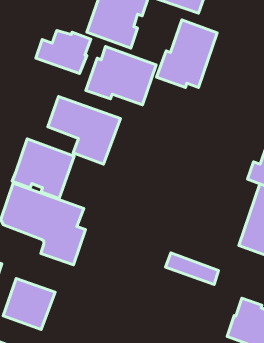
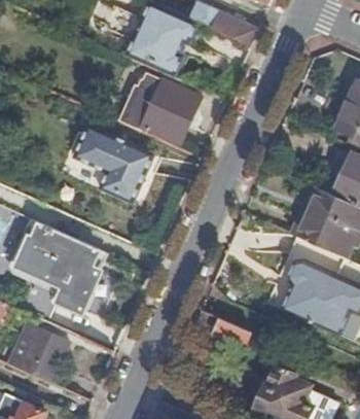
building: [157,20,217,88] -> none
building: [36,30,91,74] -> none
building: [12,139,74,198] -> none

